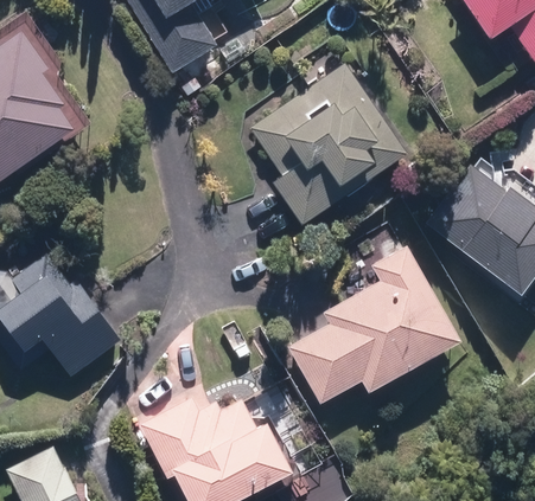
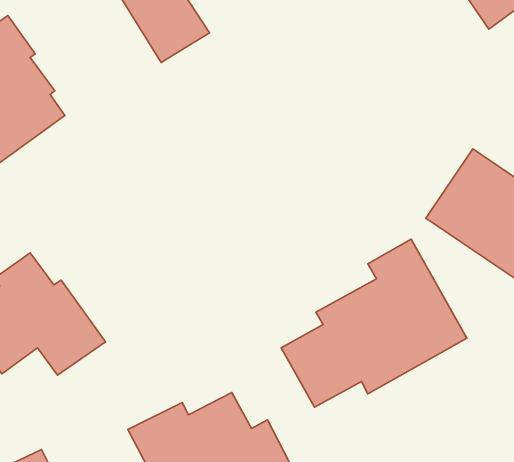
building: [247,63,407,227] -> none

